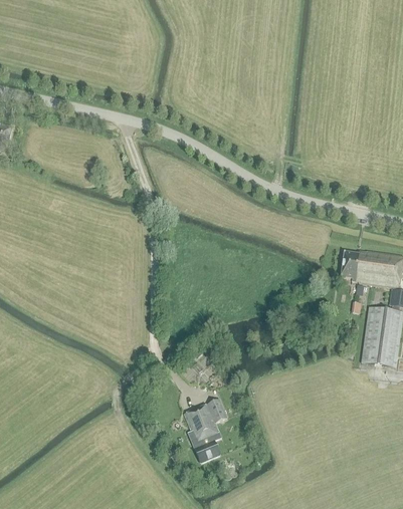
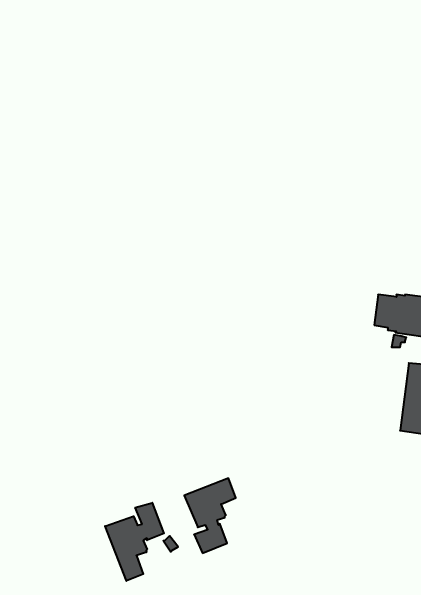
building: none -> [105,503,164,581]

